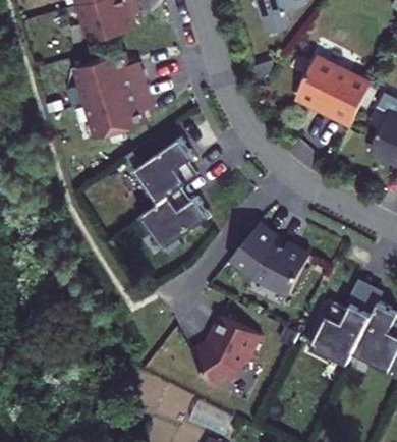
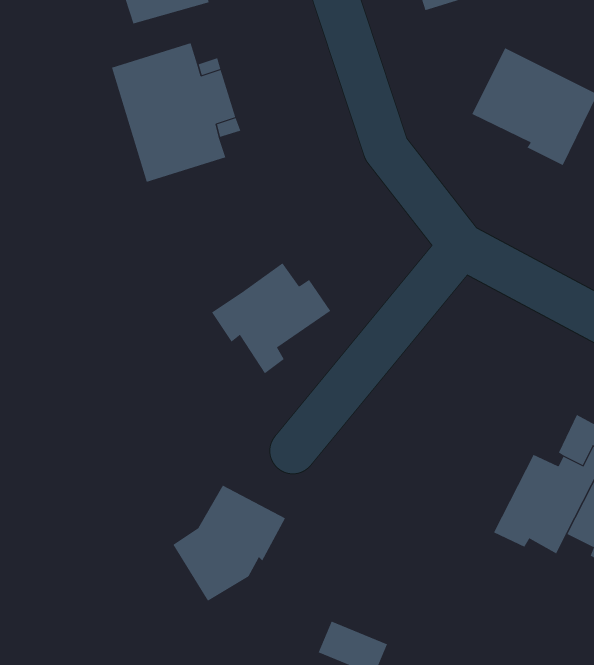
building: [124,135,196,204] -> none
building: [231,223,309,294] -> none
building: [191,316,261,387] -> [172,485,286,601]

